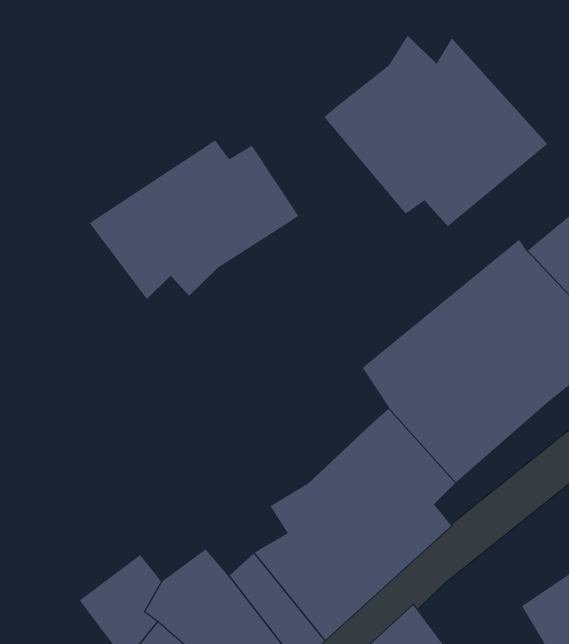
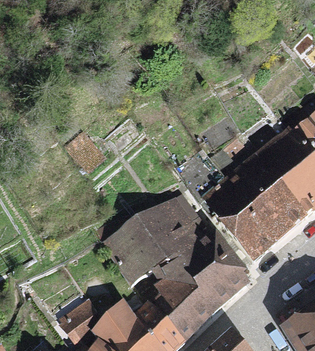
building: [324,35,548,227] -> none
building: [89,140,299,300] -> none
building: none -> [102,193,208,290]

